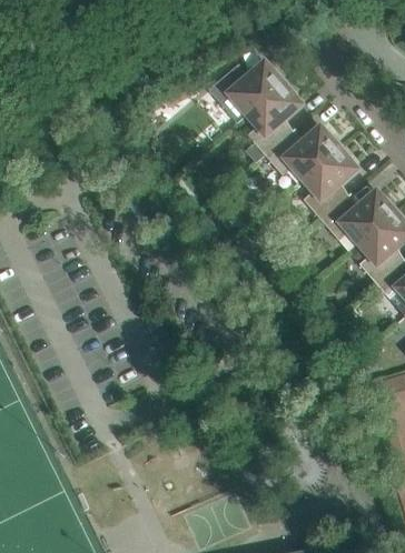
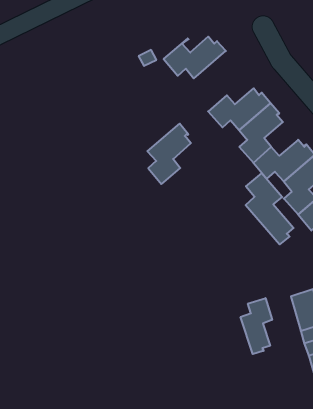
building: [246,79,300,154] -> [147,124,191,184]
building: none -> [246,173,294,244]
building: none -> [241,298,272,354]

